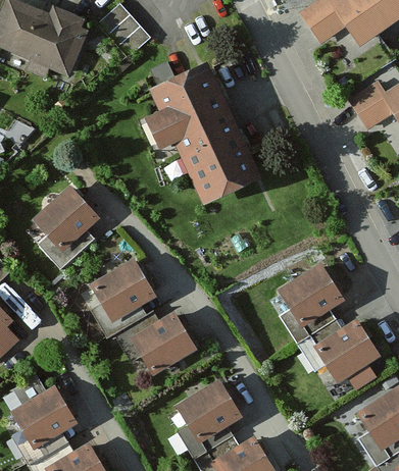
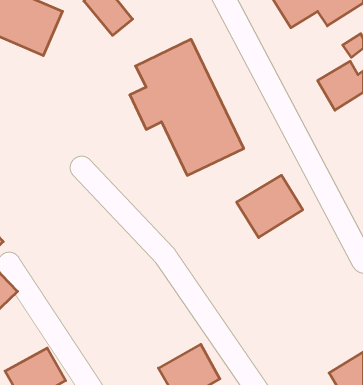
building: [33,186,102,252] -> none
building: [91,258,155,319] -> none
building: [278,265,348,331] -> [237,175,303,238]
building: [129,314,195,375] -> none
building: [316,318,378,376] -> none

